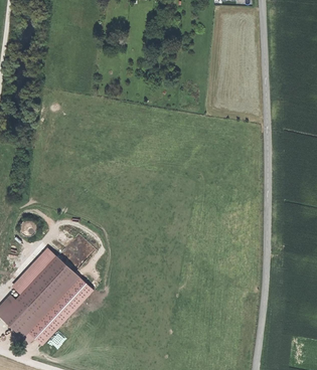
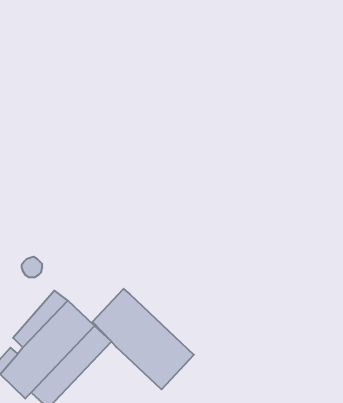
building: none -> [92,289,194,389]

